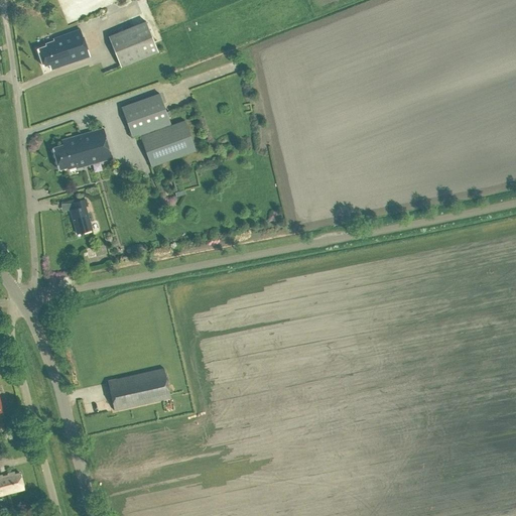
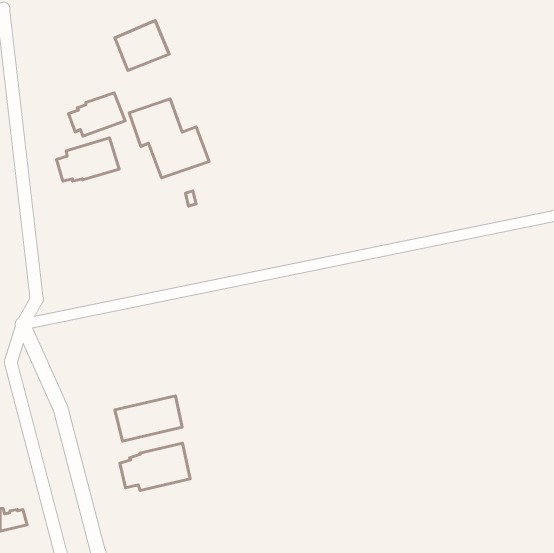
building: [37,29,90,70] -> [69,93,125,136]
building: [70,199,92,233] -> none
building: none -> [120,443,190,491]

